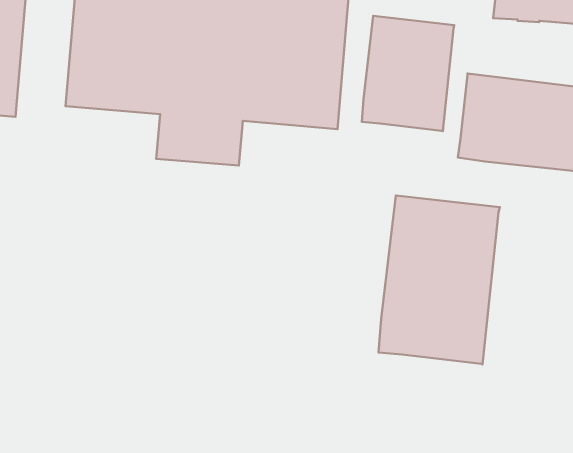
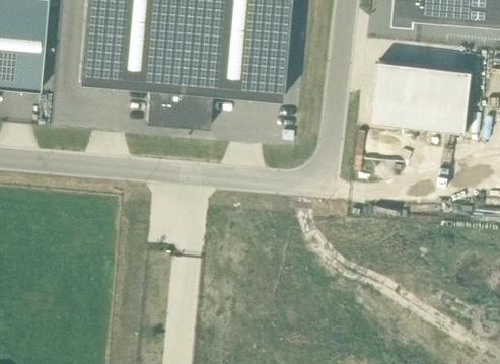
building: [362,16,454,131] -> none
building: [379,196,500,364] -> none

